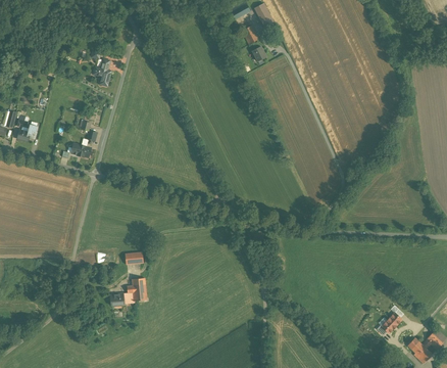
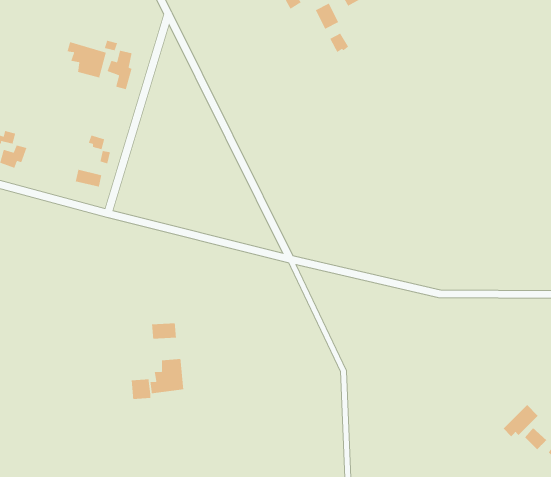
building: none -> [66,41,107,78]

